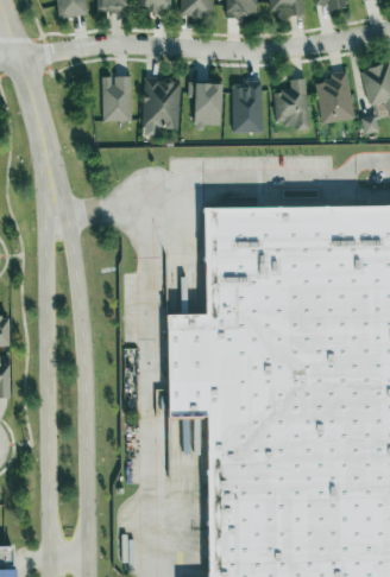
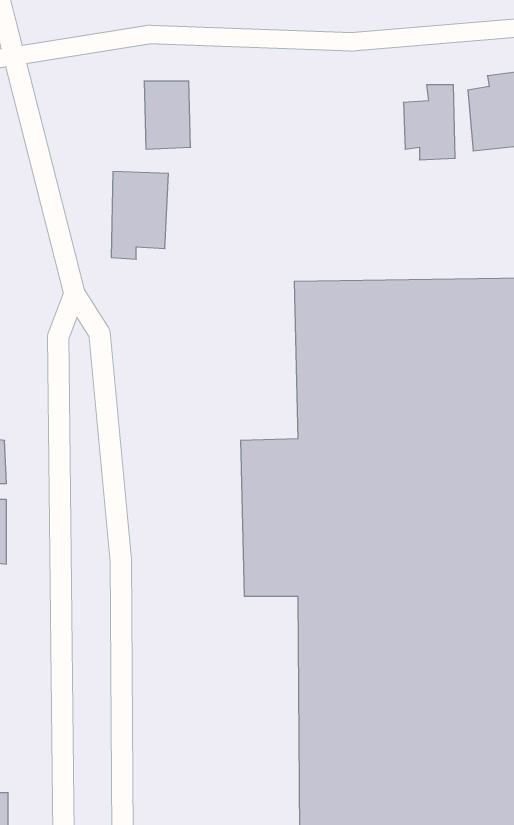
building: [144,77,182,135] -> [111,172,168,259]
building: [189,82,222,126] -> none
building: [233,82,263,132] -> none

